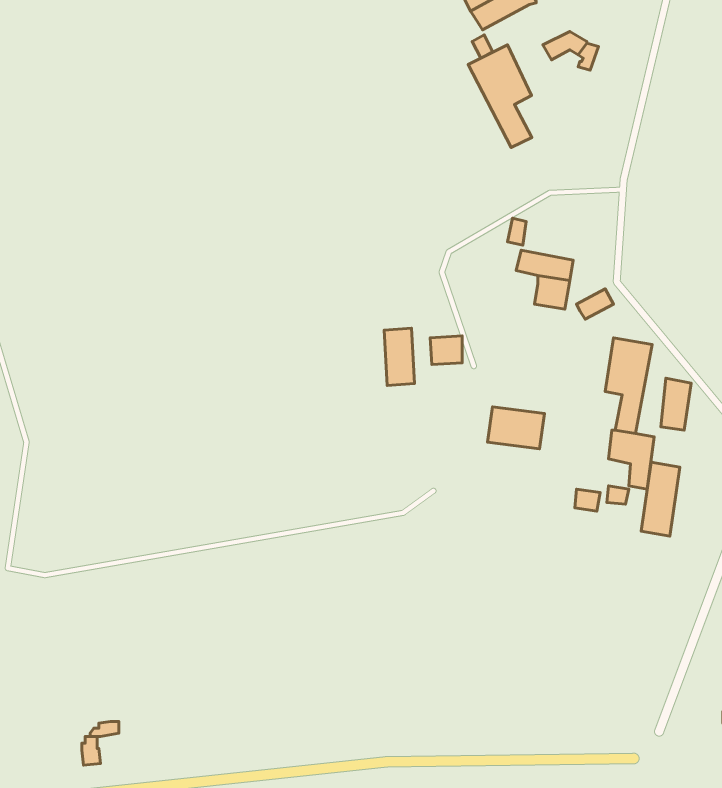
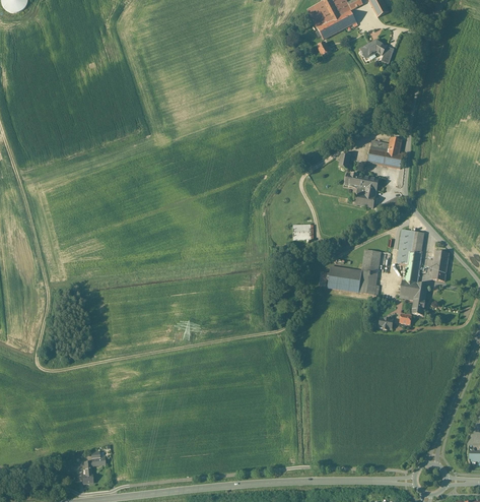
building: [468,45,532,148] -> none
building: none -> [366,137,402,168]
building: [384,328,414,386] -> none
building: [641,462,680,536] -> [358,249,382,294]

